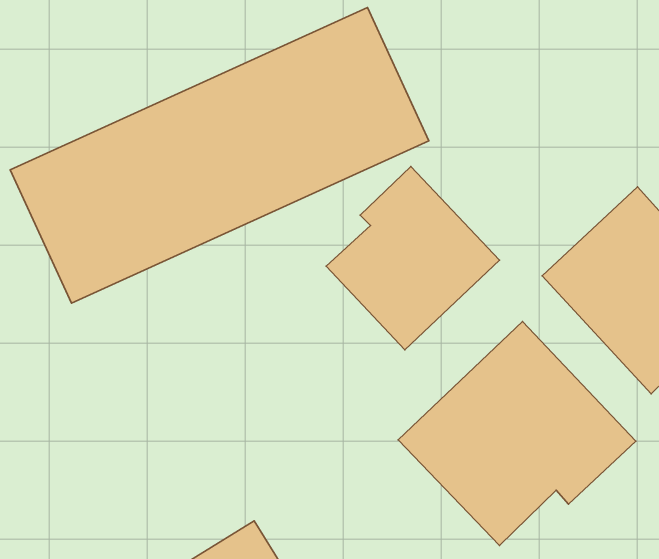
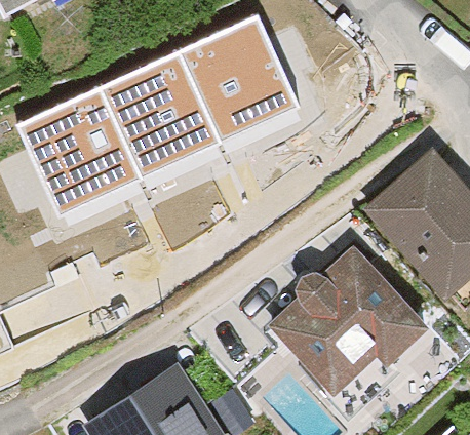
building: [326,166,500,350] -> none

